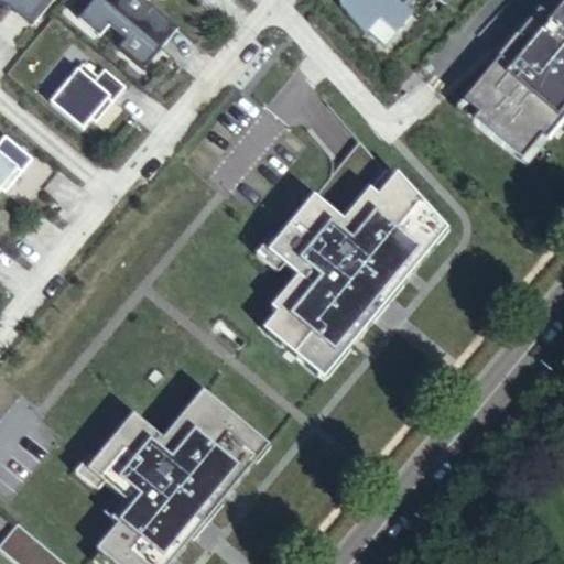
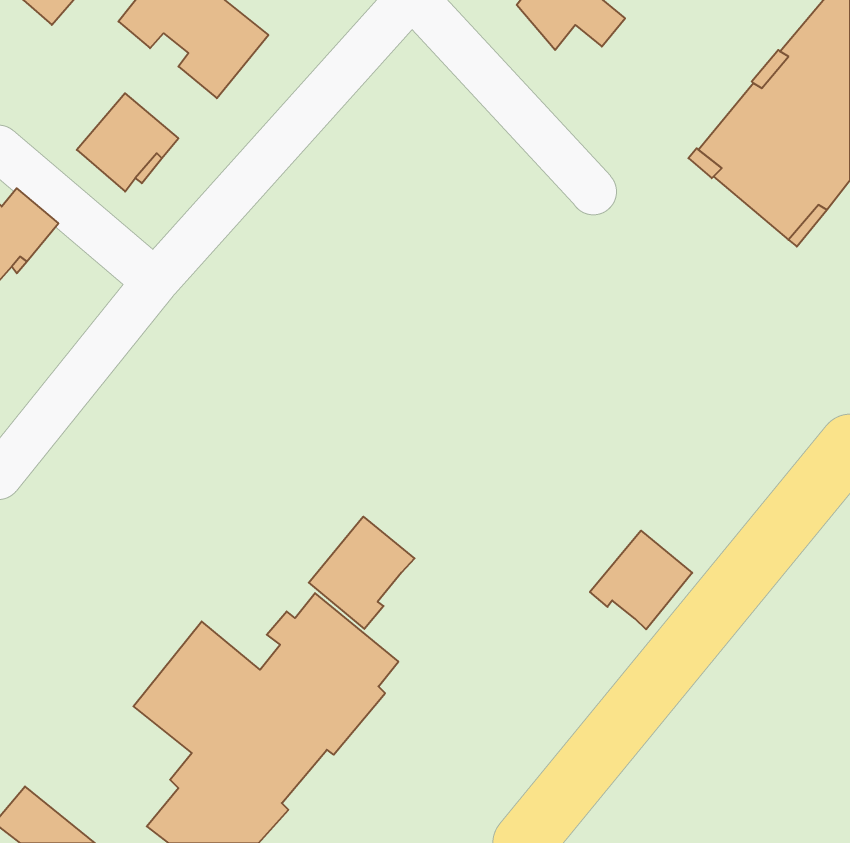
building: [263,171,442,371] -> none
building: none -> [309,517,415,629]
building: none -> [590,531,692,629]

